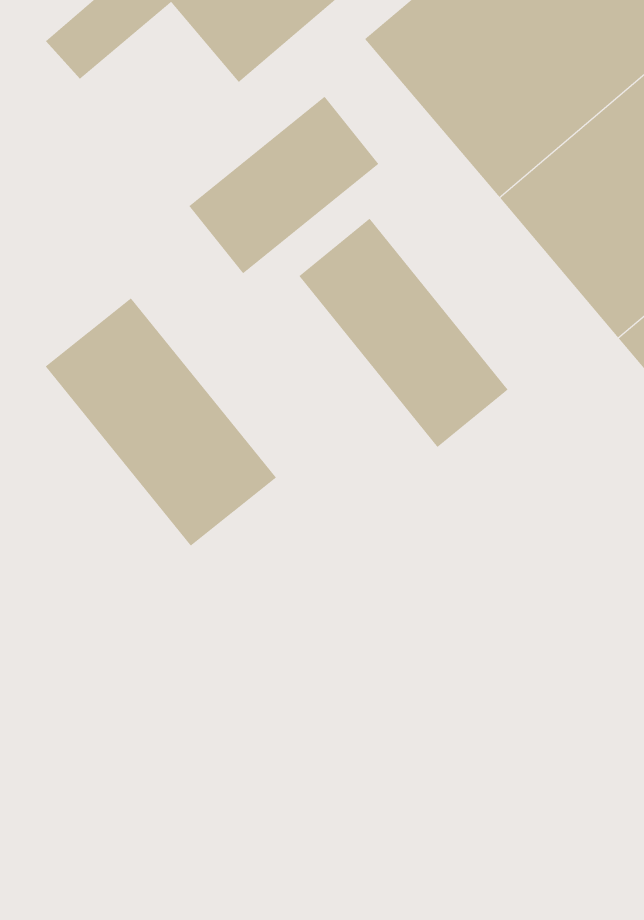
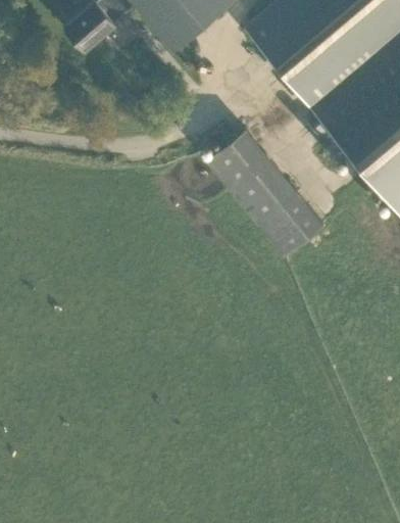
building: [189,96,379,274] -> none
building: [45,298,277,547] -> none

